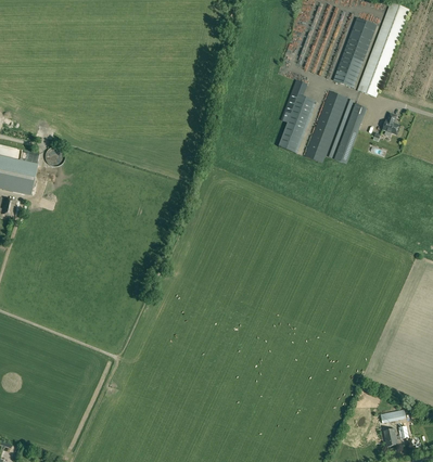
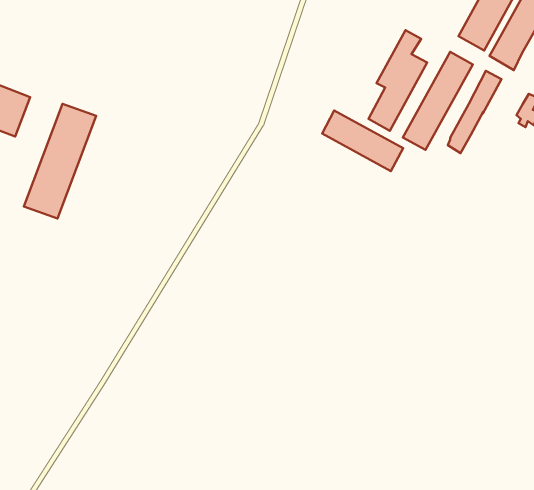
building: none -> [322,111,403,171]
building: none -> [24,104,96,219]

